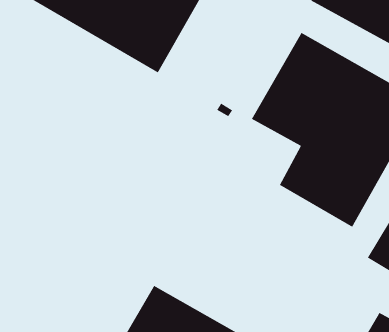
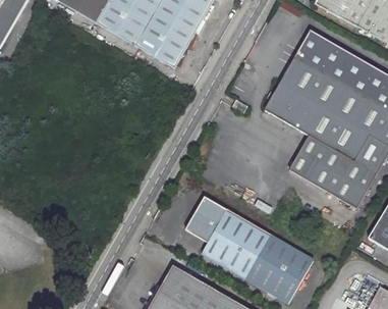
building: none -> [184,195,312,301]

